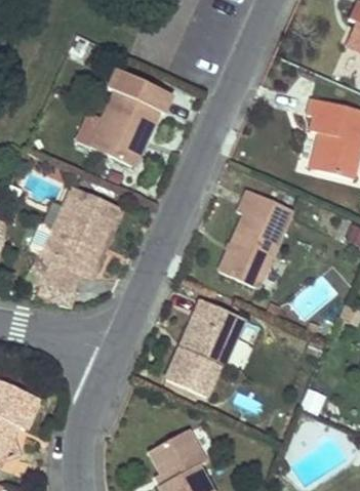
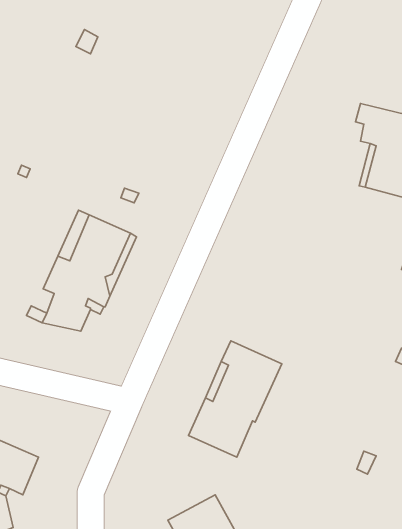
building: [89,70,171,167] -> none
building: [217,191,291,288] -> none

